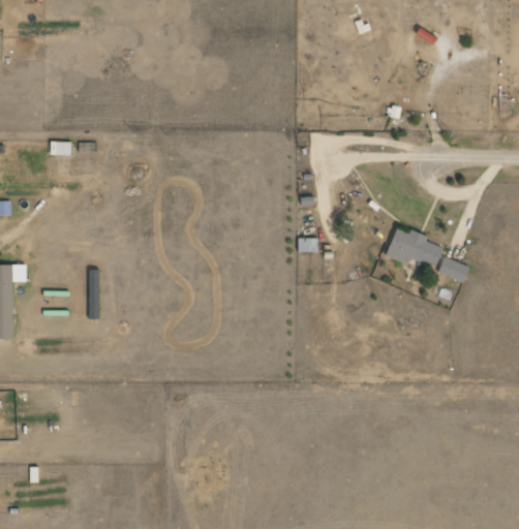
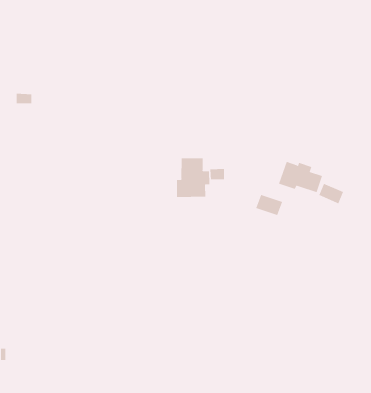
building: none -> [176,157,210,198]
building: none -> [256,194,283,216]

